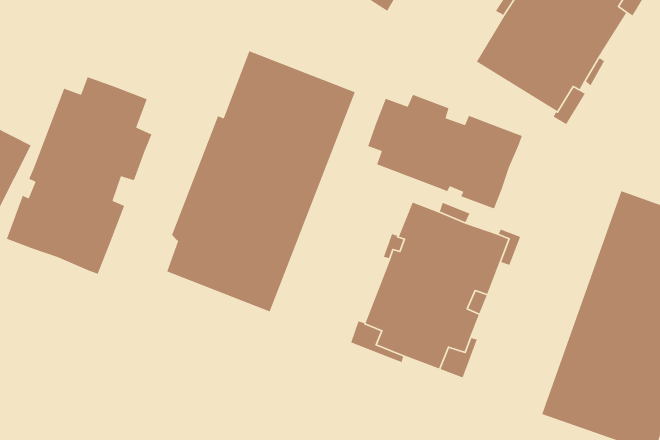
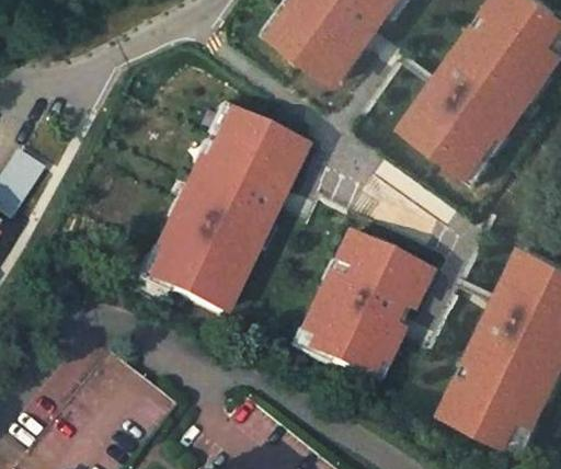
building: [6,76,153,275] -> none
building: [367,94,523,209] -> none

